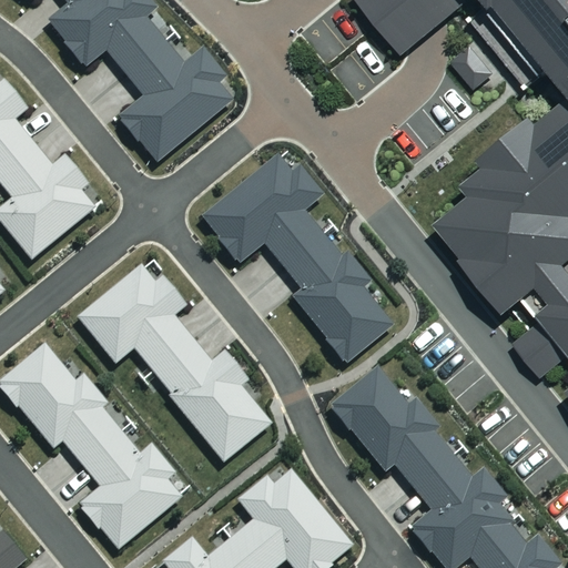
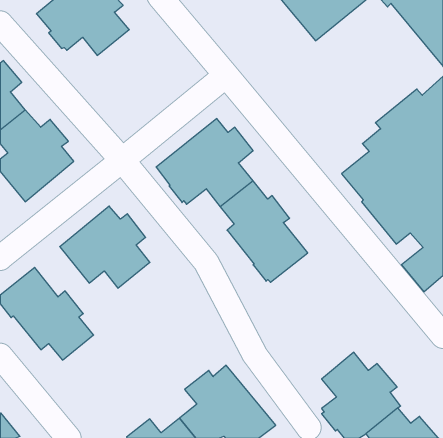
building: [119,38,233,161] -> none
building: [151,336,272,462] -> none
building: [329,365,453,486] -> none
building: [79,429,182,549] -> none

